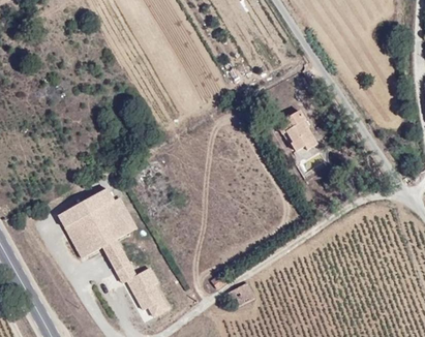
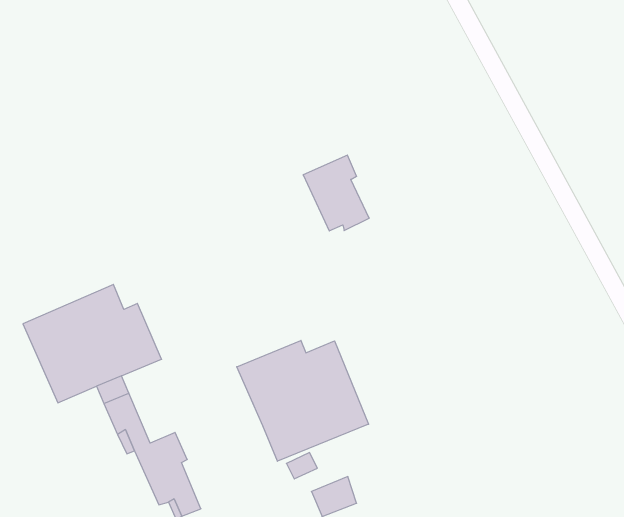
building: [277,109,316,152] -> [303,155,369,231]
building: none -> [237,340,369,461]

